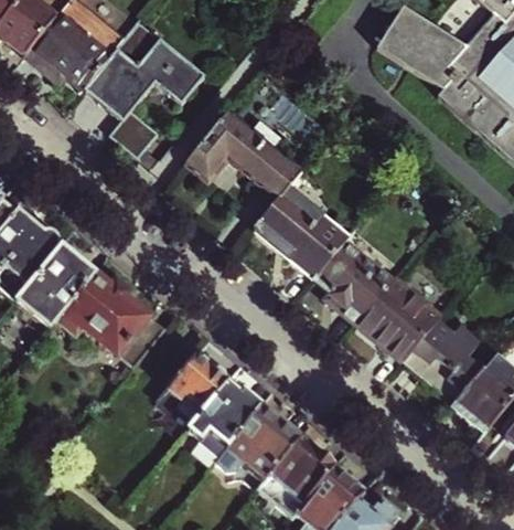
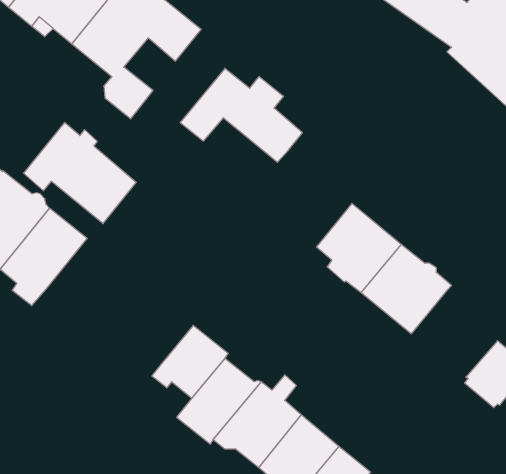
building: [254,188,355,278] -> none
building: [61,271,167,365] -> [23,123,136,224]
building: [404,318,484,402] -> none

